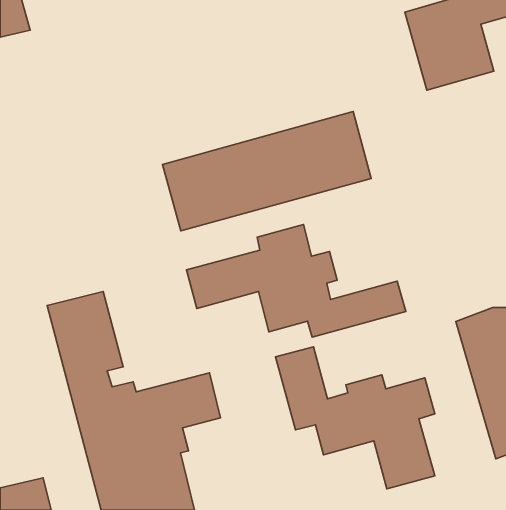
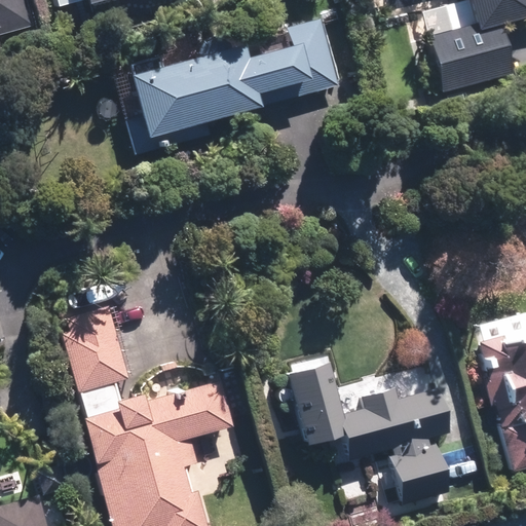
building: [163,112,371,231] -> [129,18,343,141]
building: [186,225,406,337] -> none

